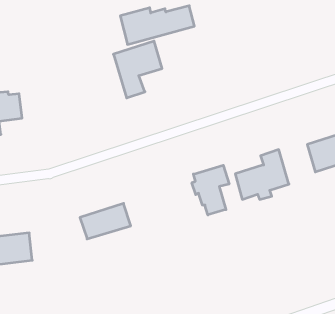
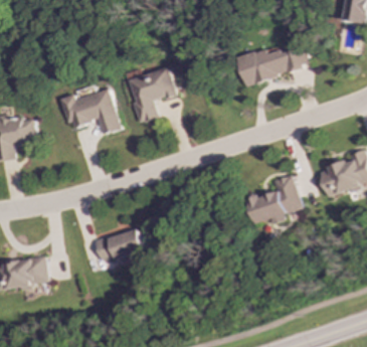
building: [120,6,194,44] -> [236,46,310,84]
building: none -> [60,89,120,135]
building: [192,165,229,215] -> none

